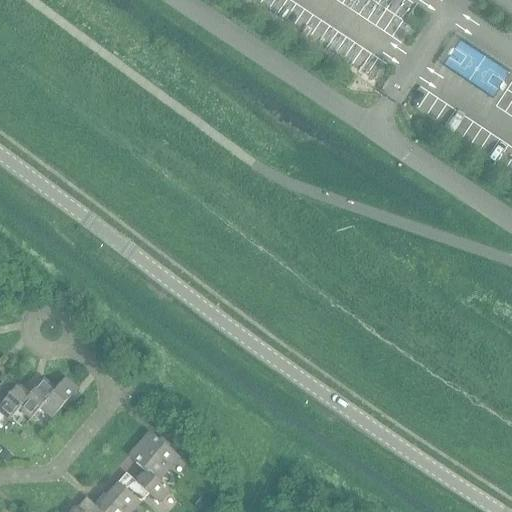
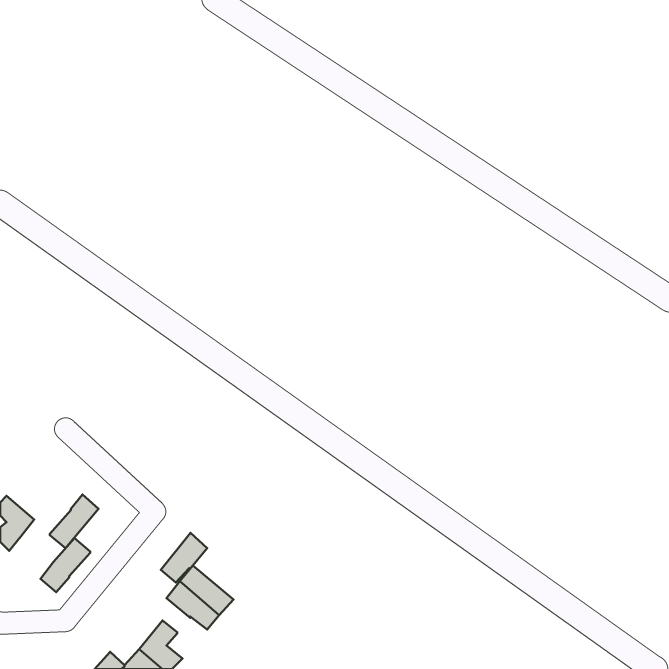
building: [17,378,55,419] -> [40,538,90,592]
building: none -> [161,533,207,583]
building: [128,470,169,502] -> none

